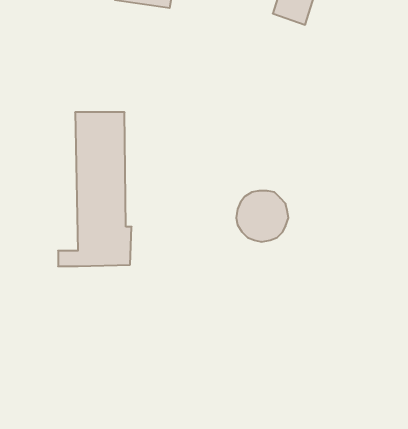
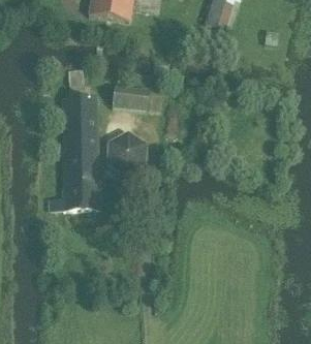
building: none -> [111,86,148,111]
building: [236,191,288,242] -> [107,131,146,168]

